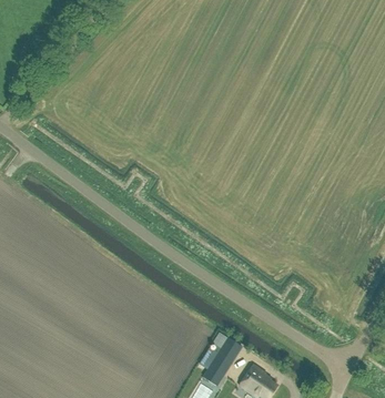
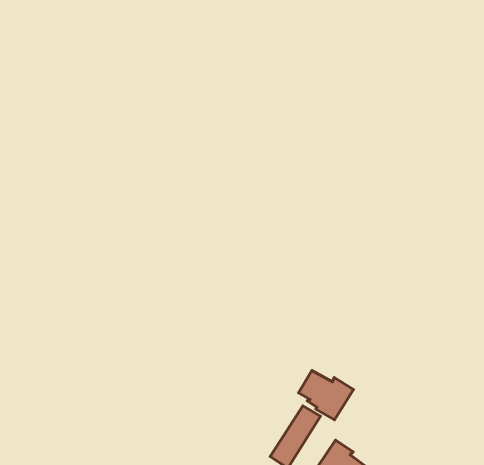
building: none -> [298,371,353,420]

